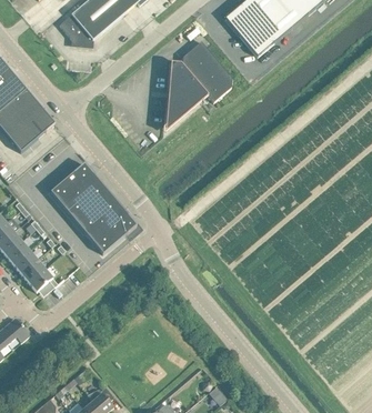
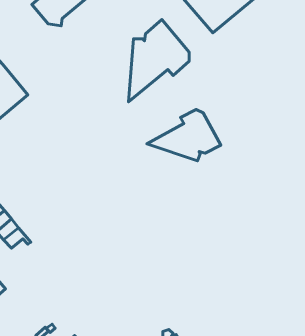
building: none -> [147,110,221,161]
building: [50,162,137,252] -> none

